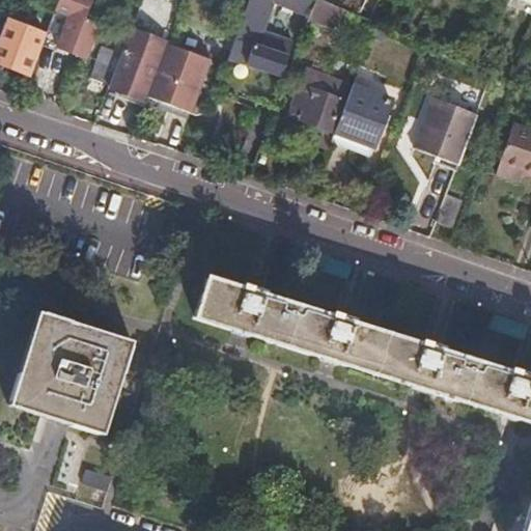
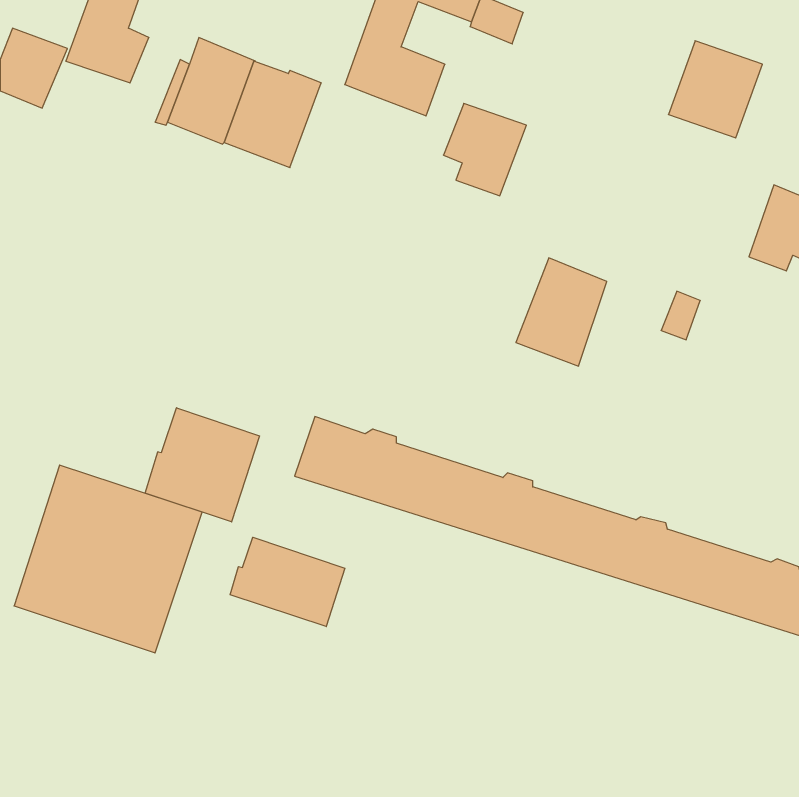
building: [332,84,392,156] -> [516,258,607,366]
building: [416,97,478,162] -> [668,41,762,138]
building: none -> [145,408,260,522]
building: none -> [230,537,345,627]

